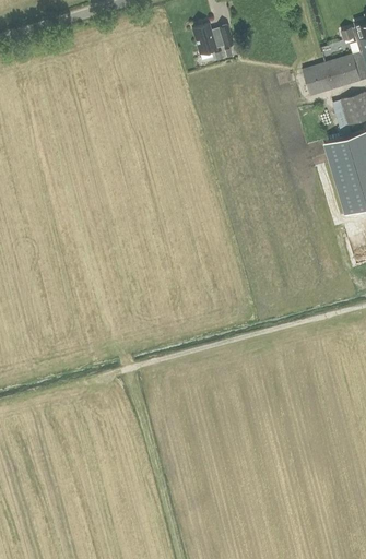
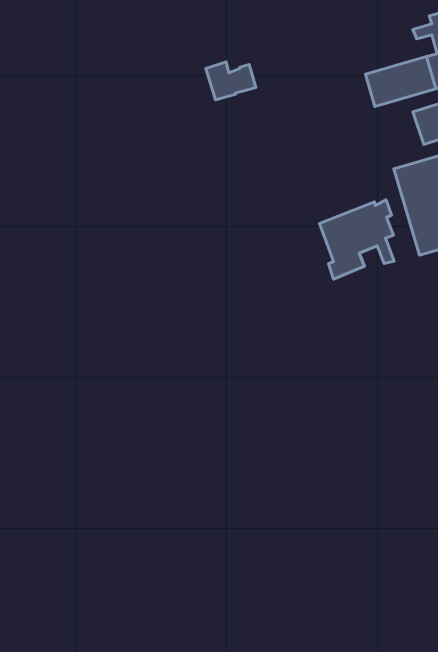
building: [192,23,233,53] -> [206,62,256,100]
building: none -> [320,200,394,279]

